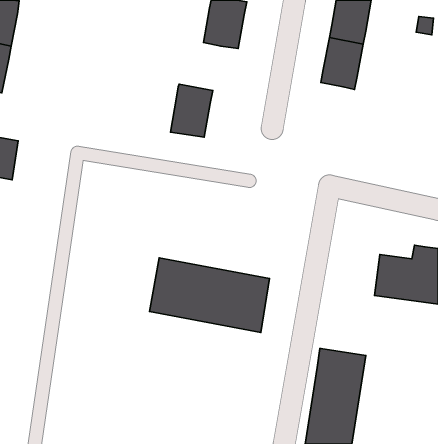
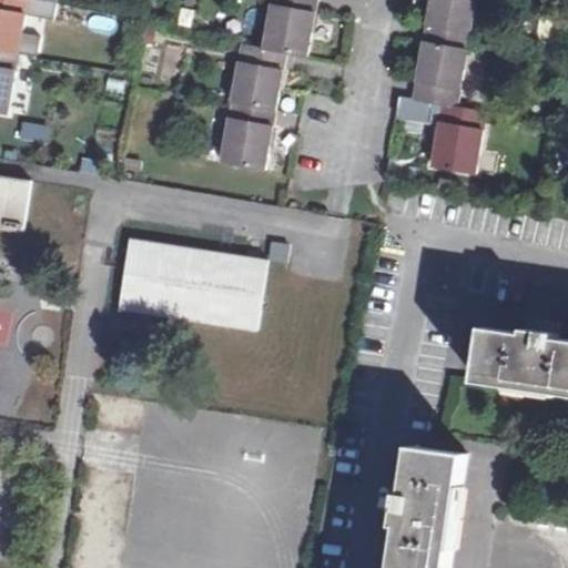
building: none -> [229,51,282,115]
building: none -> [427,111,481,180]
building: [150,258,270,332] -> [114,236,267,332]

